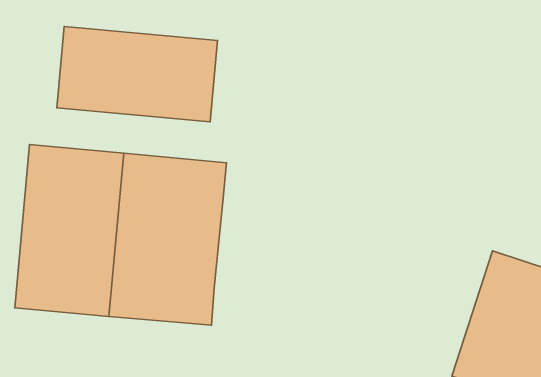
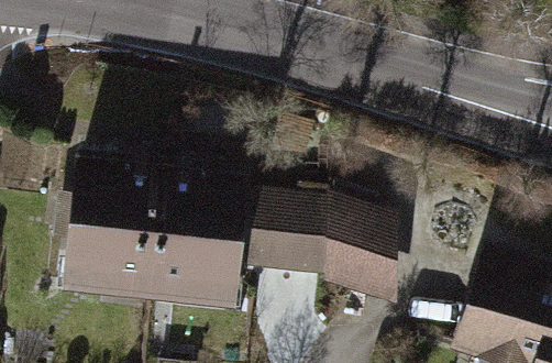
building: [57,26,217,122] -> none
building: none -> [243,195,399,301]

